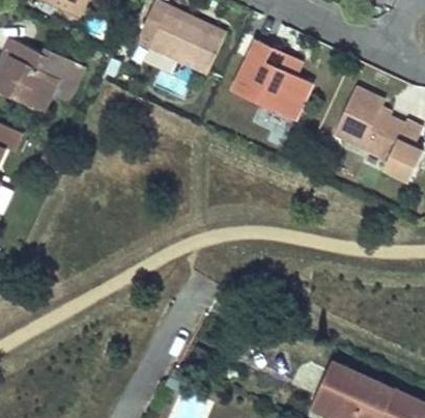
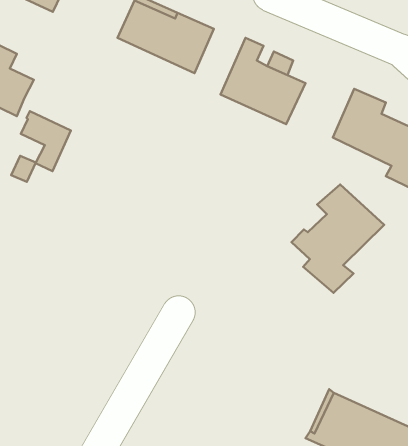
building: [40,48,86,103] -> [21,111,71,171]
building: none -> [291,184,384,293]

